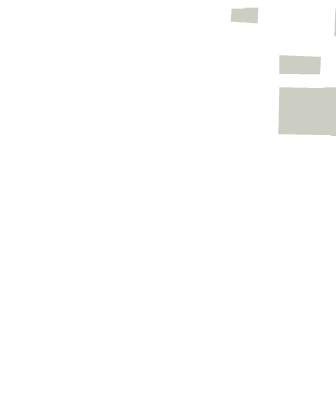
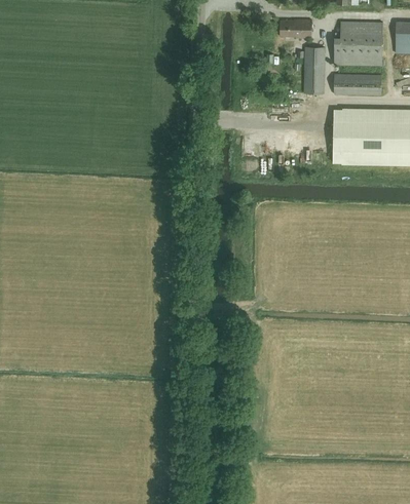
building: none -> [334,22,382,66]
building: none -> [304,46,325,93]

